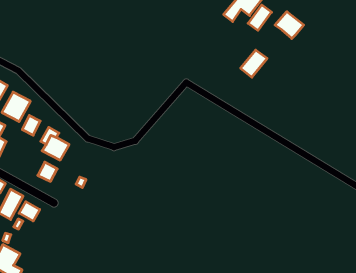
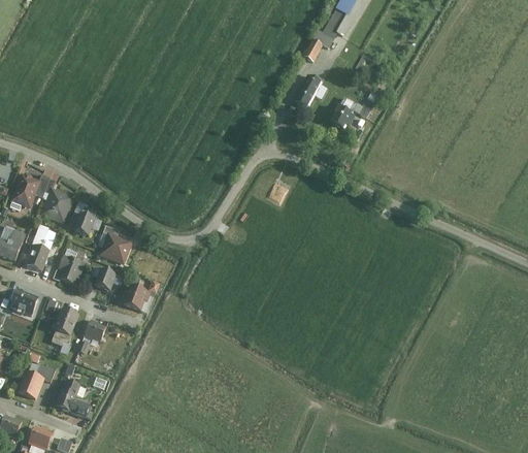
building: [248,5,272,30] -> [291,75,318,107]
building: [275,12,304,39] -> none
building: none -> [58,256,82,282]
building: none -> [119,285,146,311]

